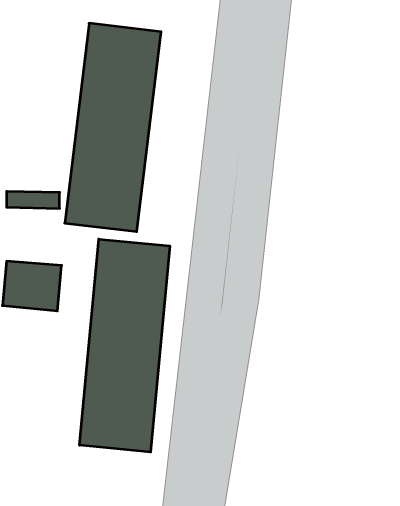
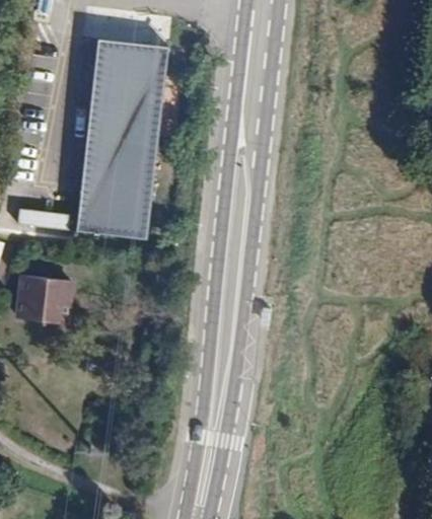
building: [80,239,170,452] -> none

